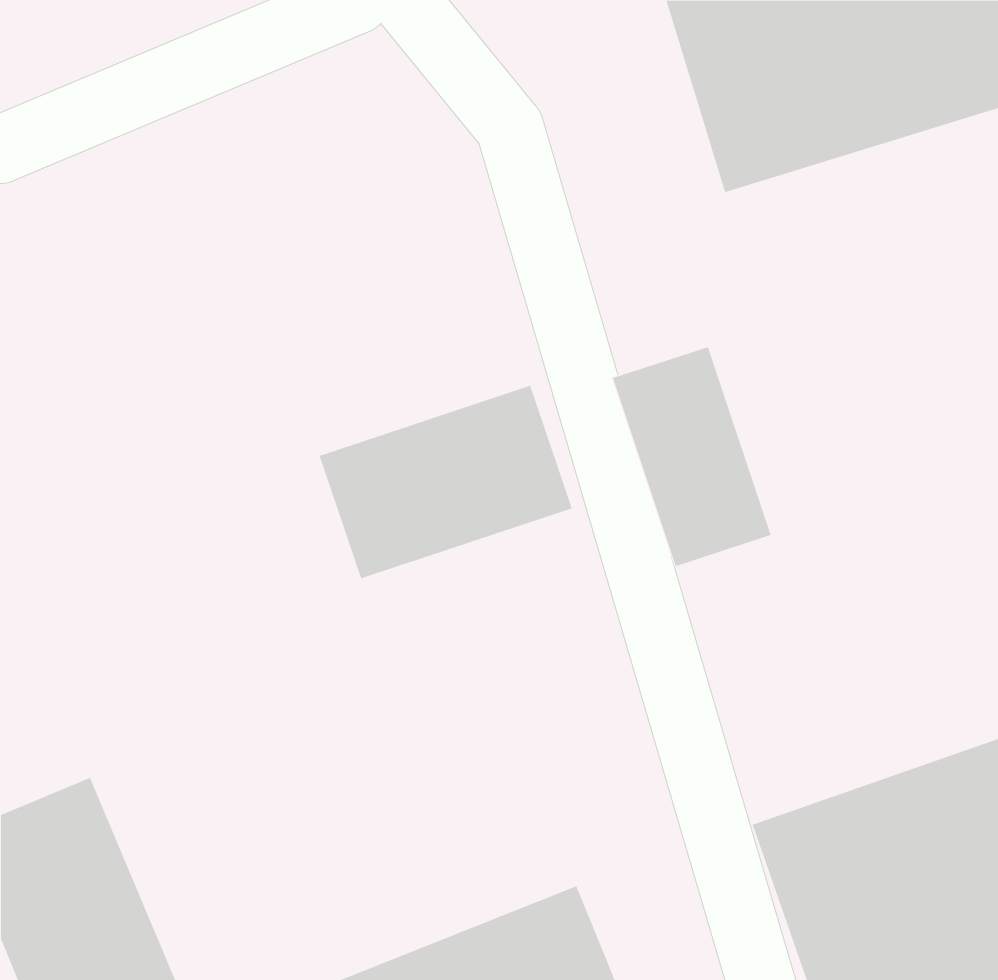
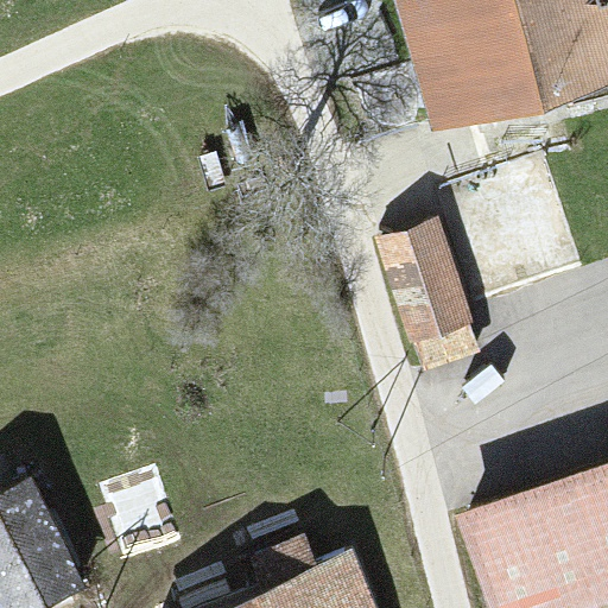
building: [319,385,573,579] -> none

